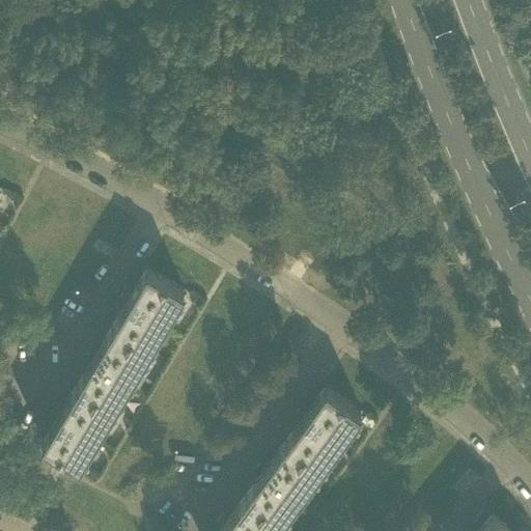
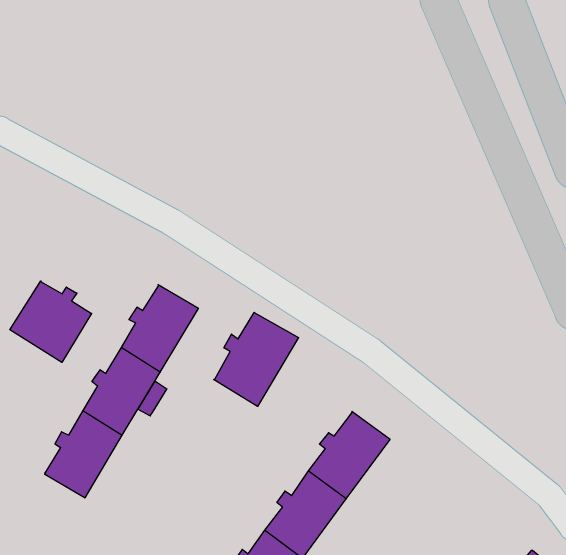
building: none -> [10,281,92,362]
building: none -> [214,312,299,406]

